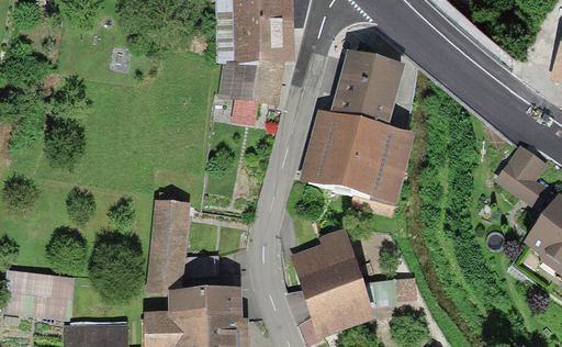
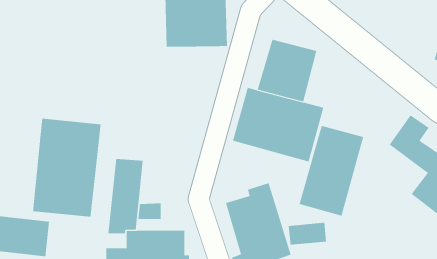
building: [218,60,285,124] -> none
building: none -> [33,118,101,218]
building: none -> [299,125,364,216]

